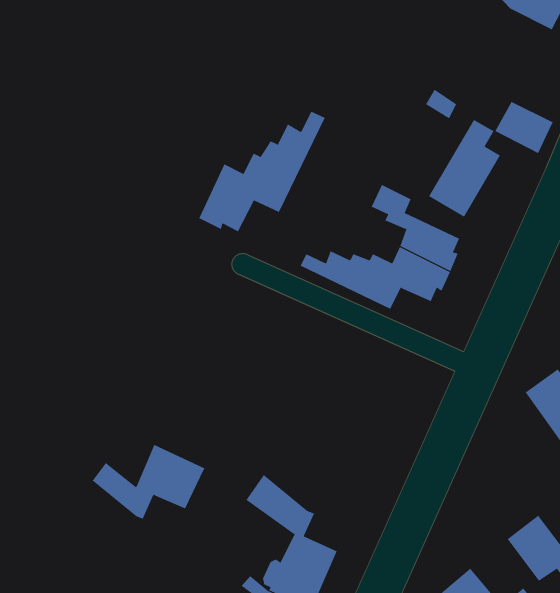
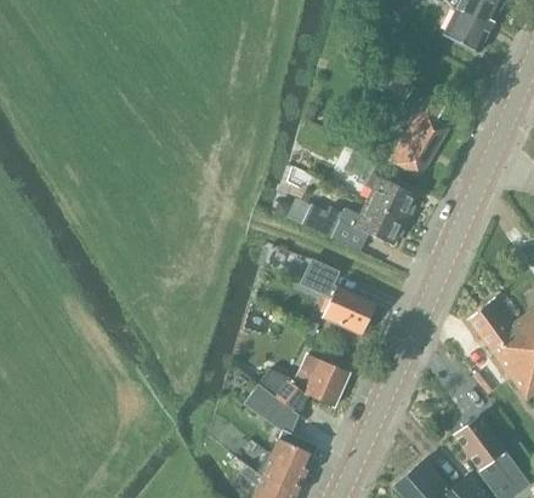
building: [495,101,554,154] -> [443,11,490,53]
building: [199,111,325,232] -> none
building: none -> [301,259,374,333]
building: [92,444,205,520] -> [259,355,350,416]

